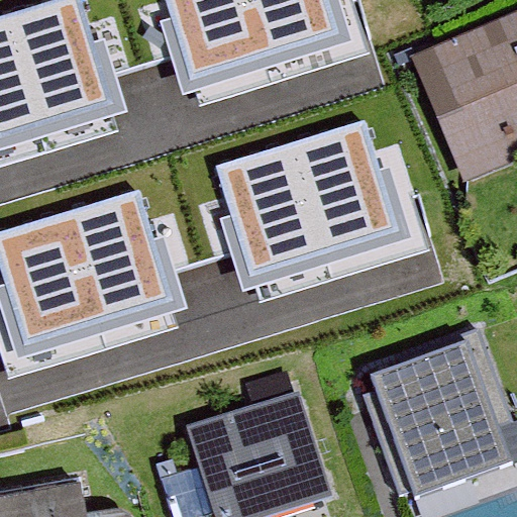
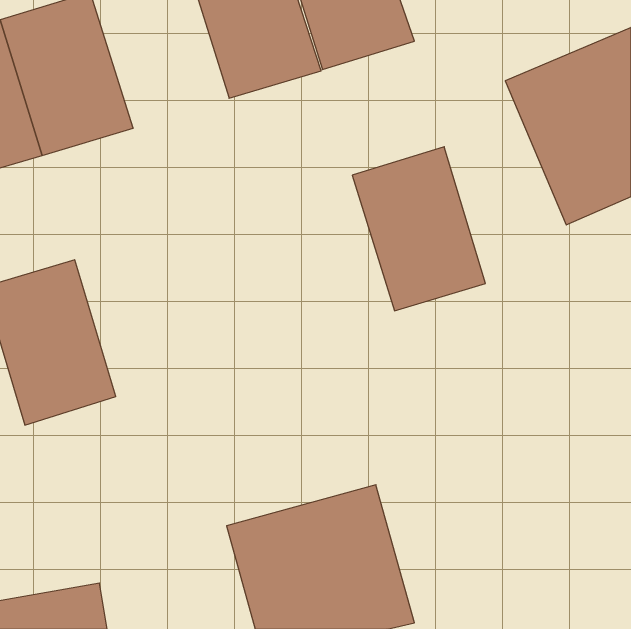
building: [212,142,320,276] -> none
building: [61,189,168,322] -> none
building: [369,348,508,506] -> none

